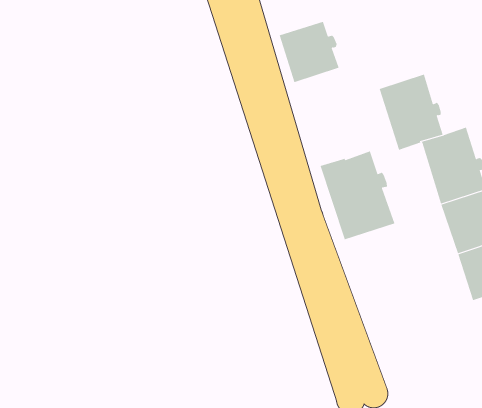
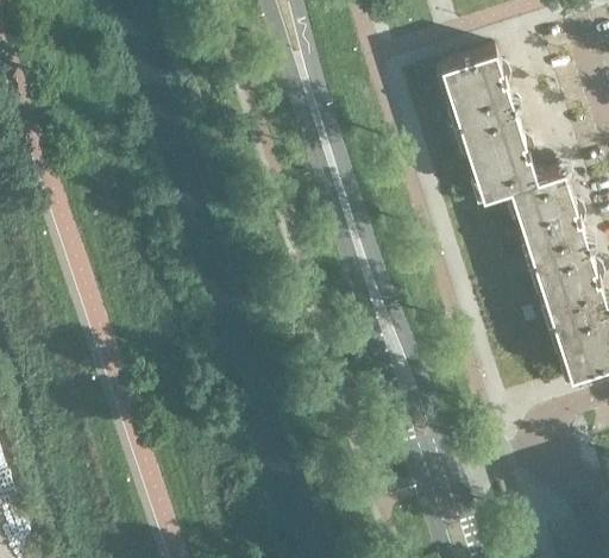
building: [279,21,340,83] -> [442,57,515,131]
building: [320,151,395,240] -> none

